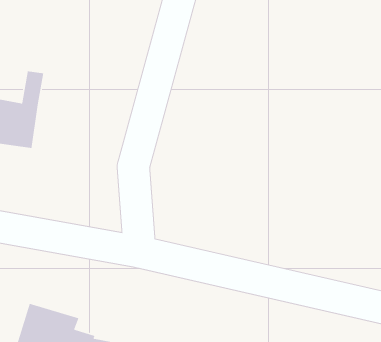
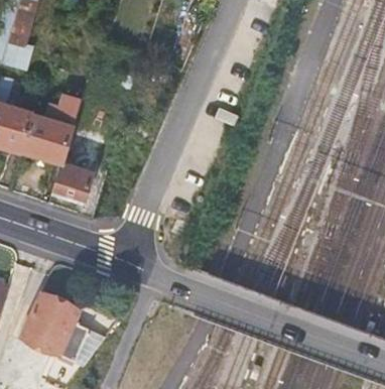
building: none -> [53,165,94,201]

